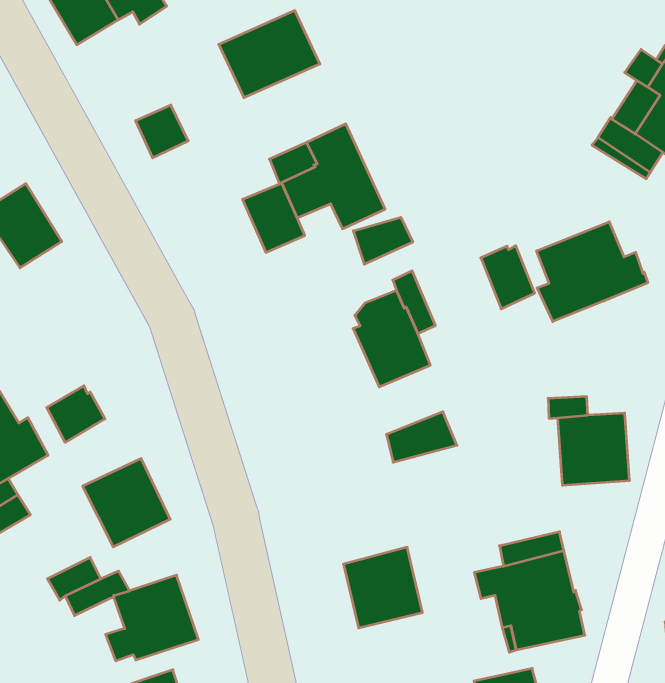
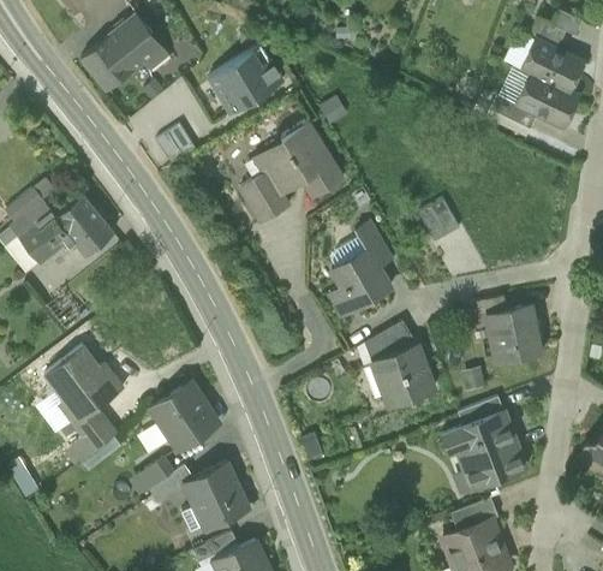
building: [353,217,413,264] -> none
building: [537,222,648,322] -> none
building: [47,386,105,442] -> none
building: [343,547,422,628] -> [372,345,434,408]

